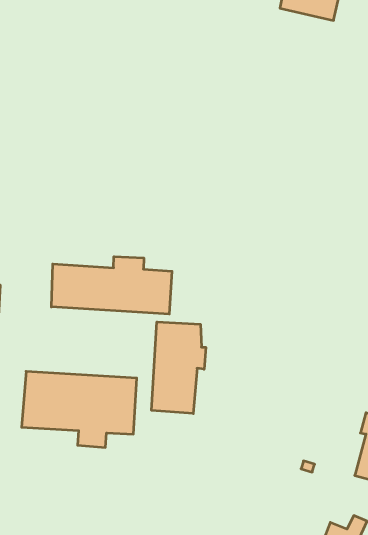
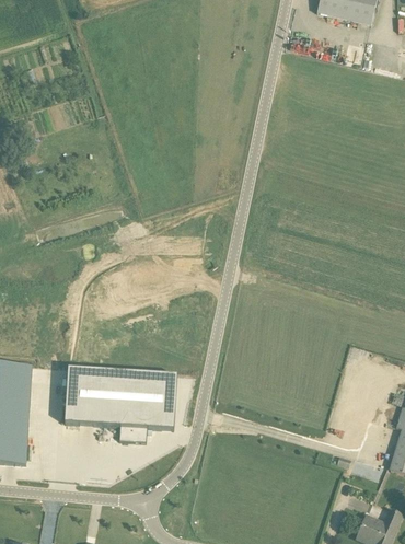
building: [51,257,172,314] -> none
building: [152,322,206,414] -> none

